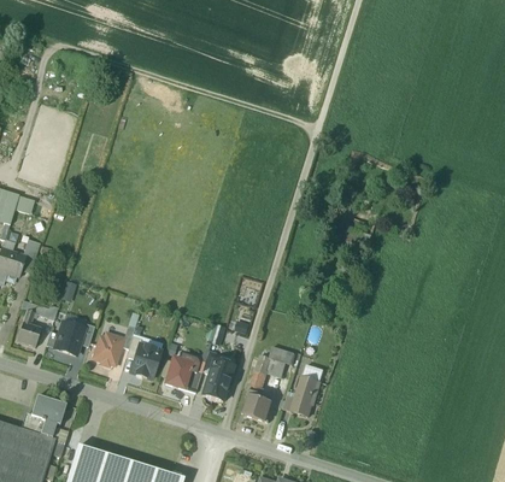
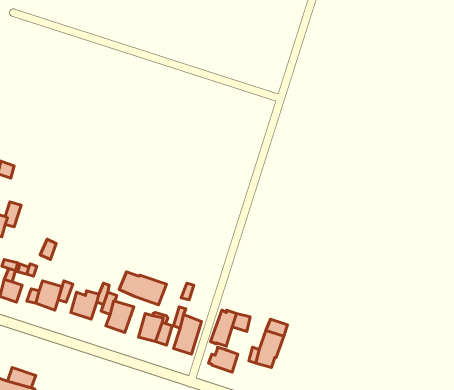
building: none -> [119,272,167,305]
building: [30,395,66,425] -> none

